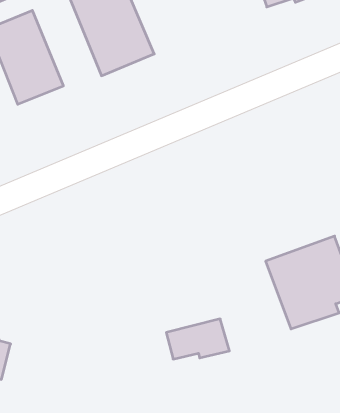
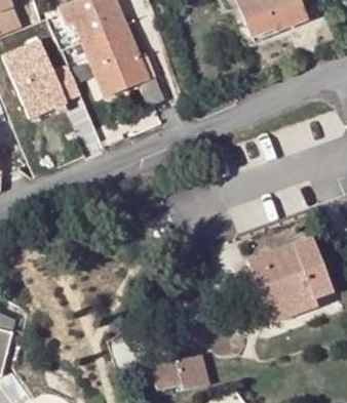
building: [166,319,229,359] -> [151,354,207,390]

